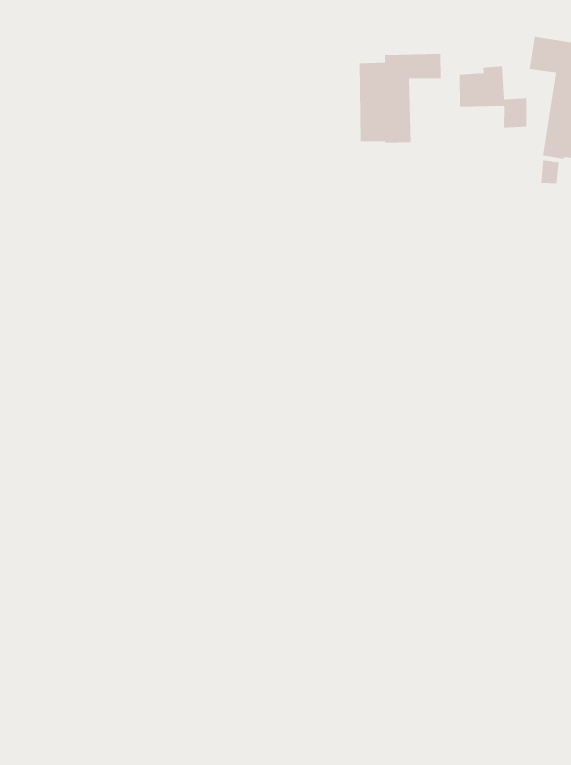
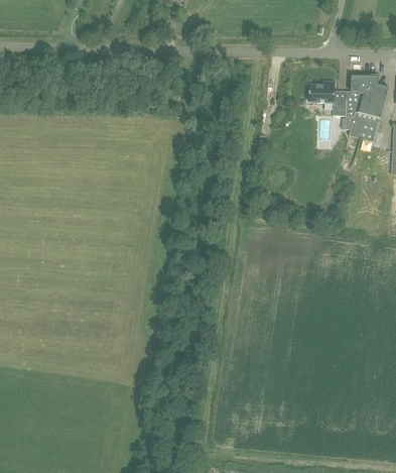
building: [359,53,442,144] -> none

